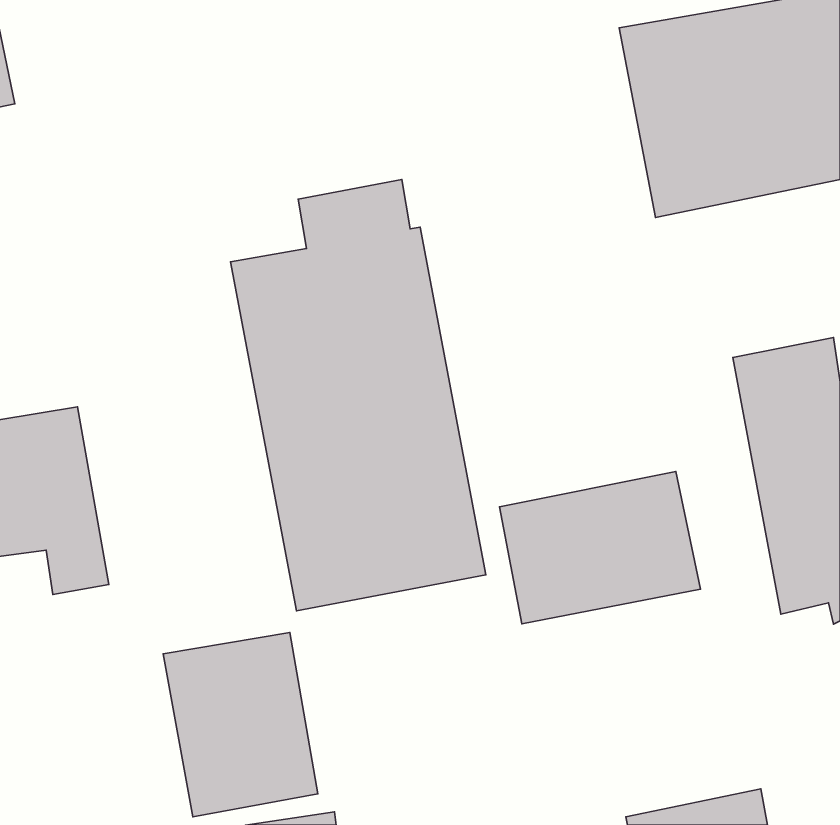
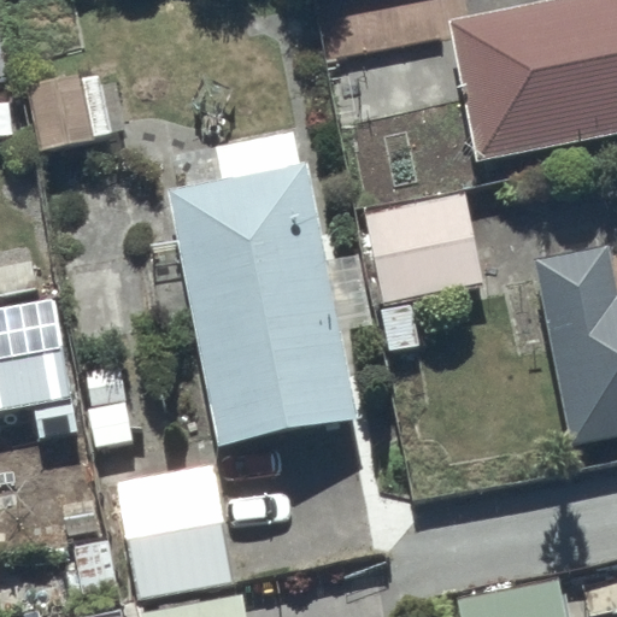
building: none -> [365,192,481,347]
building: [500,472,700,624] -> none

